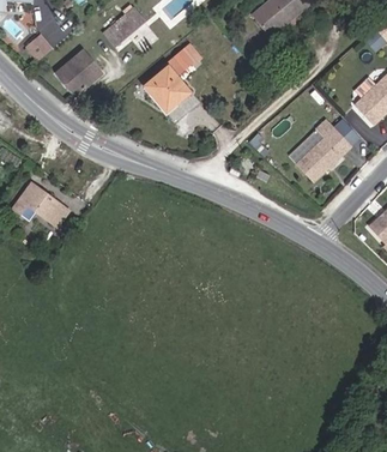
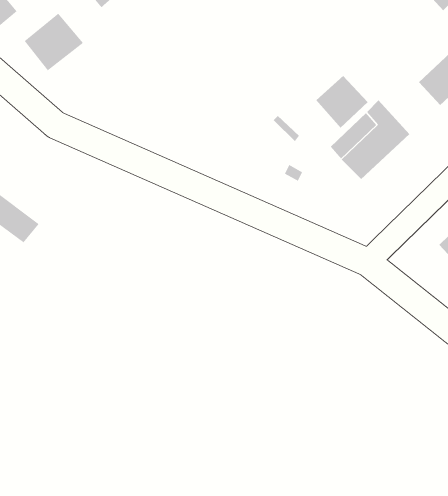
building: [145,46,200,110] -> none
building: none -> [316,75,368,128]

